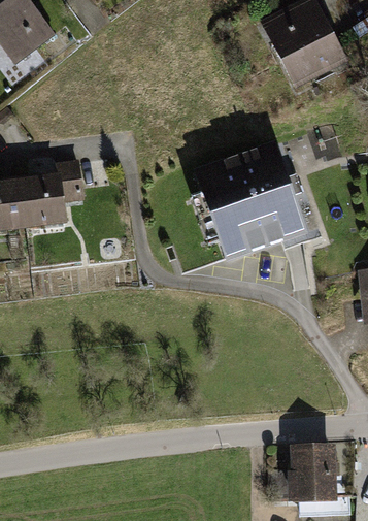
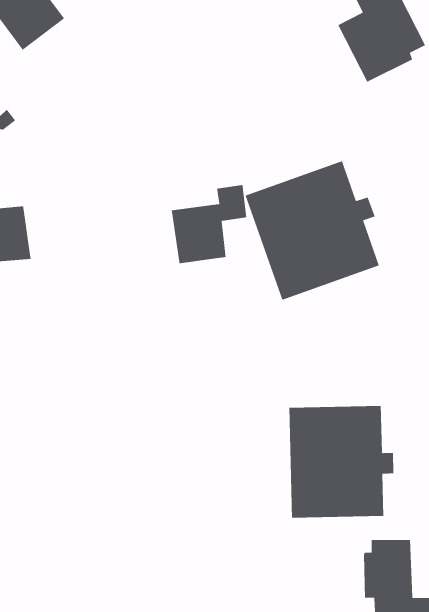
building: [20,160,80,224] -> [171,184,247,264]
building: none -> [289,405,394,518]

